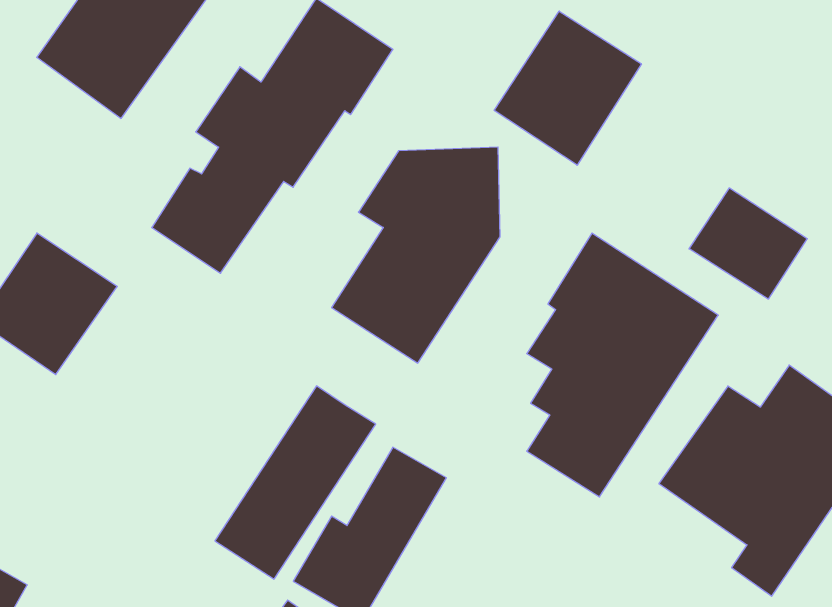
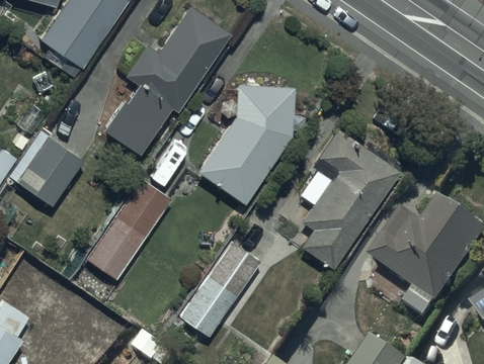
building: [494,11,641,165] -> none
building: [689,188,807,299] -> none
building: [215,386,376,579] -> [86,176,171,278]

